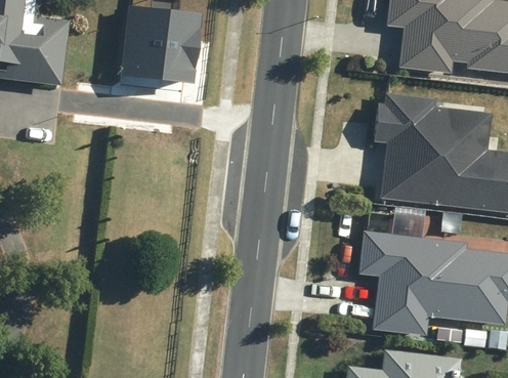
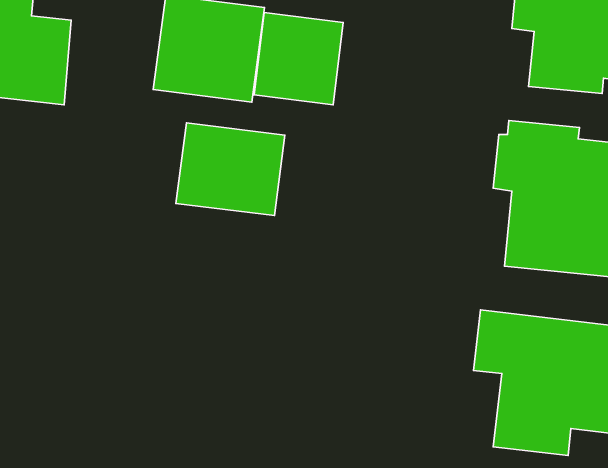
building: none -> [254,12,343,105]
building: none -> [176,123,285,216]

